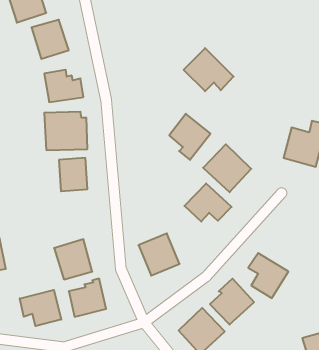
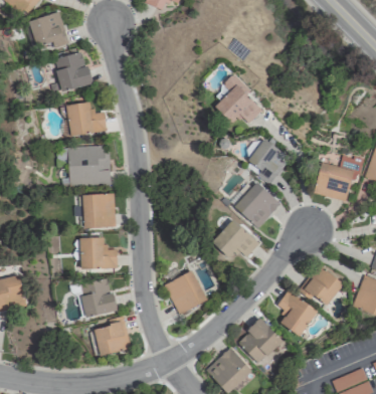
building: [169,114,210,160] -> [247,138,290,185]
building: none -> [81,237,117,268]
building: none -> [303,266,343,307]
building: [20,290,61,326] -> none

